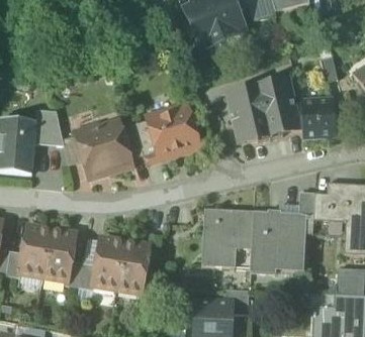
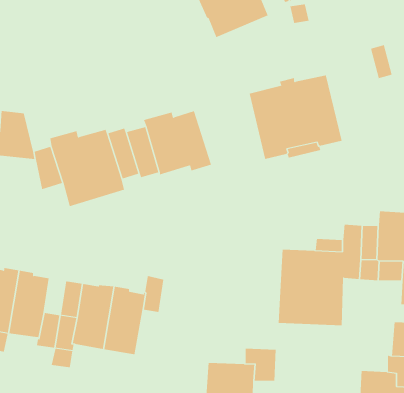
building: [299,99,334,138] -> none
building: [201,209,253,267] -> none

